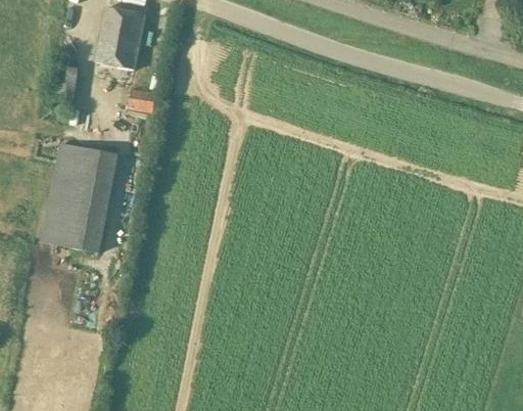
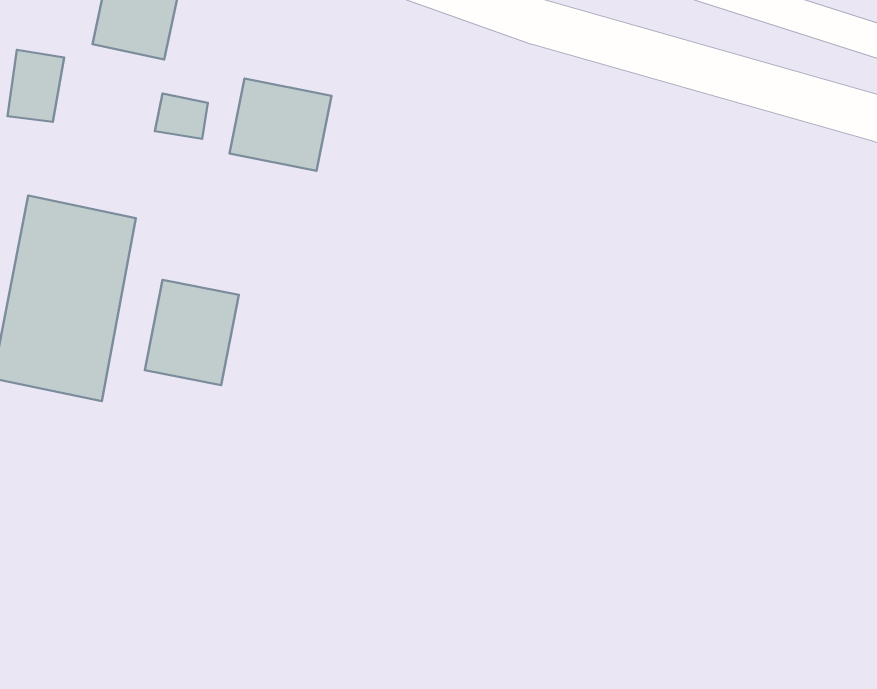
building: none -> [229,78,331,171]
building: none -> [145,280,239,385]

